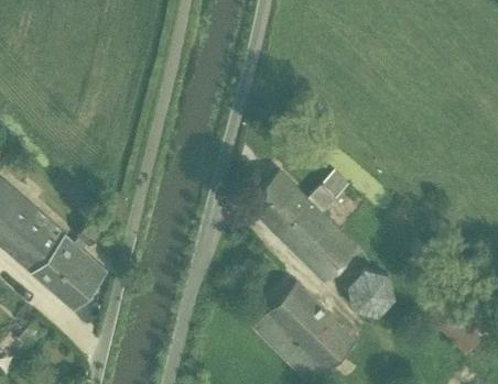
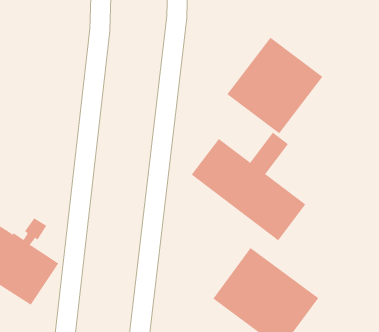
building: none -> [227,37,323,134]
building: [348,271,397,318] -> none

